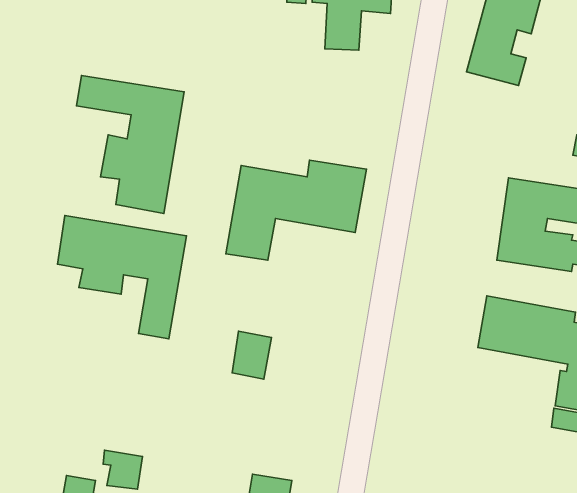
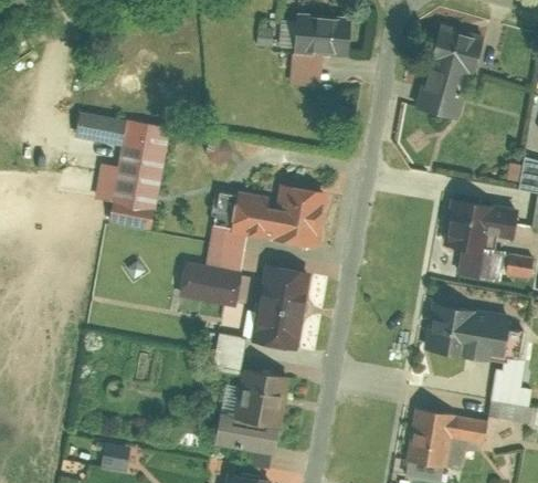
building: [57,215,187,339] -> none
building: none -> [179,263,313,350]
building: none -> [214,369,291,455]
building: none -> [407,410,489,468]

